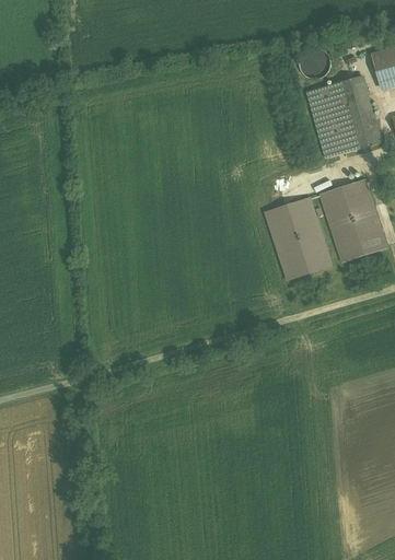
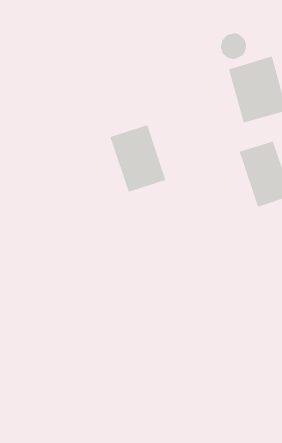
building: [262,196,332,280] -> [110,124,166,193]

